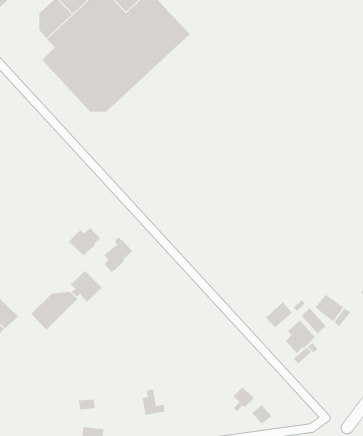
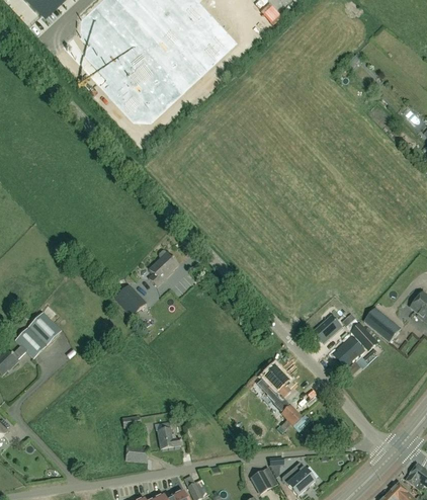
building: [68,227,101,256] -> none
building: [30,291,78,330] -> none
building: none -> [263,365,289,411]
building: [142,389,166,415] -> [157,421,181,448]

